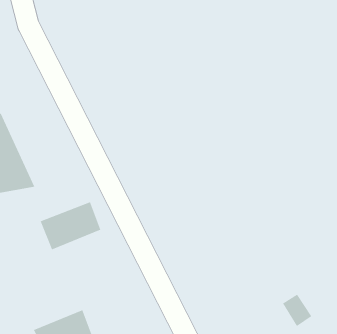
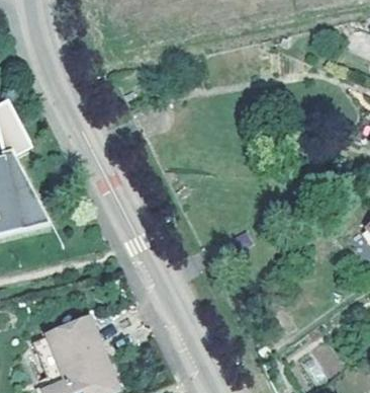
building: [40,202,101,250] -> [38,321,102,372]

